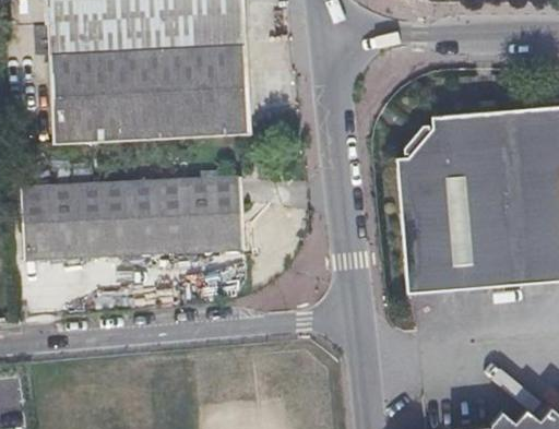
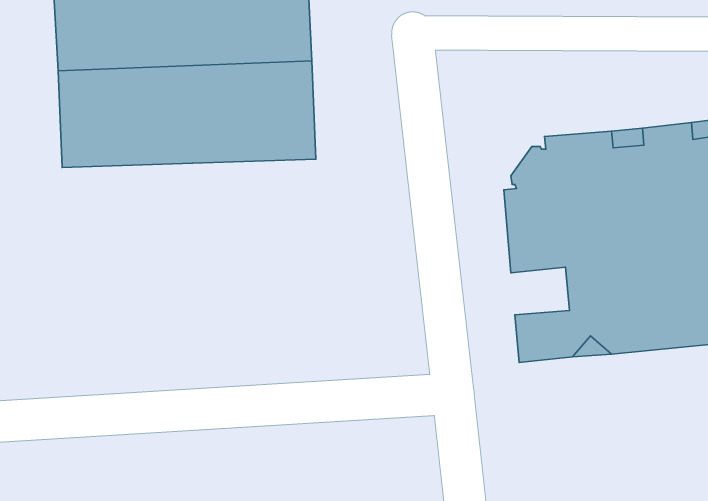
building: [19,172,242,258] -> none
building: [403,221,449,258] -> none

